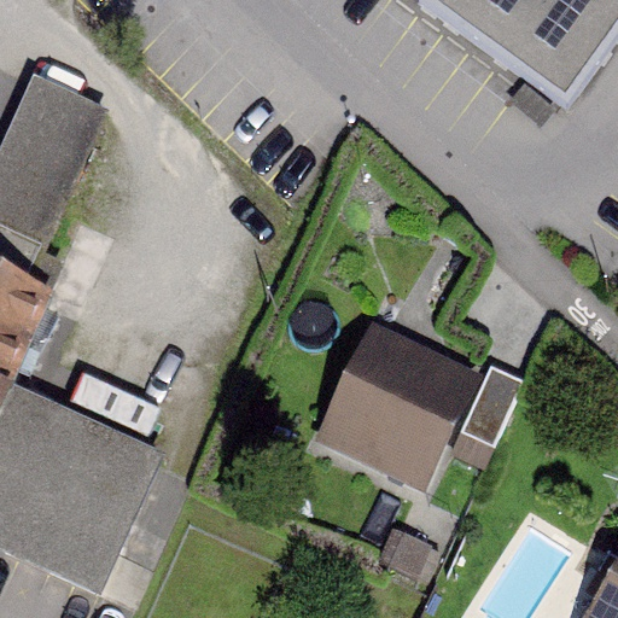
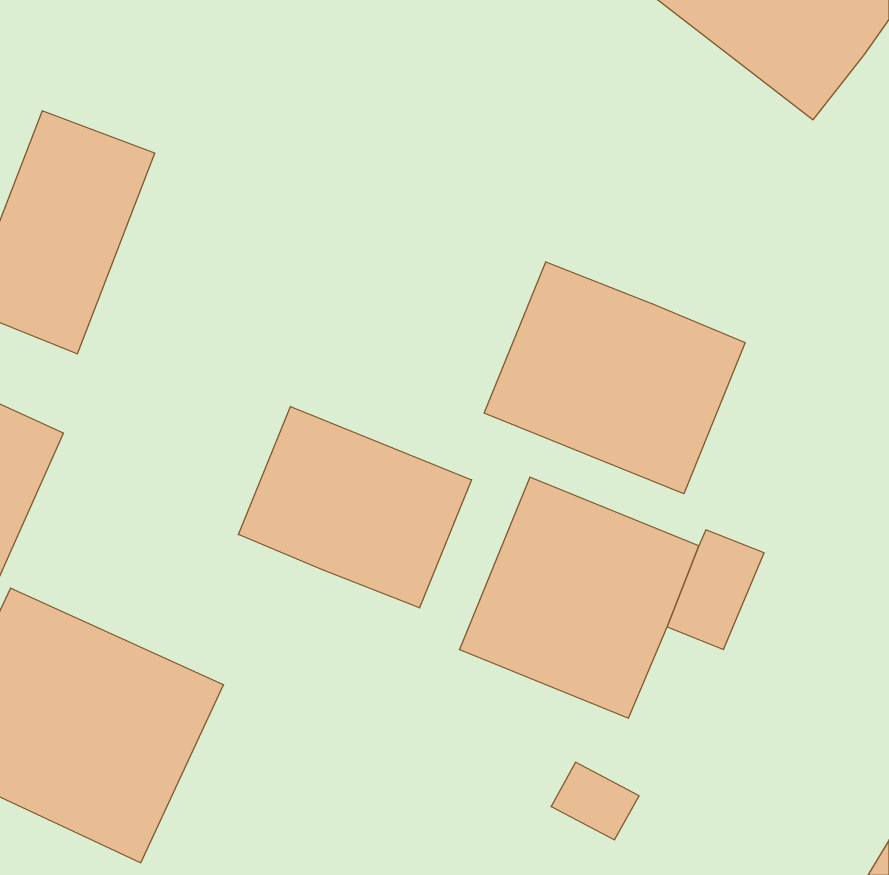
building: none -> [484,262,745,494]
building: none -> [238,406,472,608]

